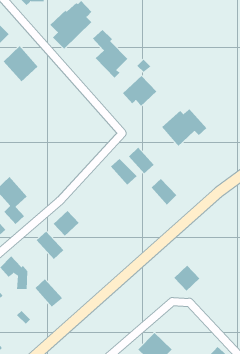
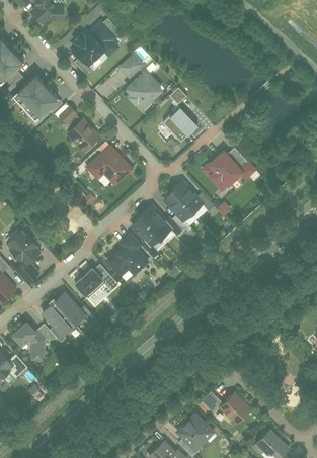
building: none -> [59,107,100,152]
building: none -> [85,145,134,188]
building: none -> [131,215,162,248]
building: [151,178,177,206] -> [175,181,207,213]
building: none -> [105,233,150,277]
building: [174,265,200,291] -> [219,392,250,424]
building: [35,279,63,308] -> [42,302,75,337]

